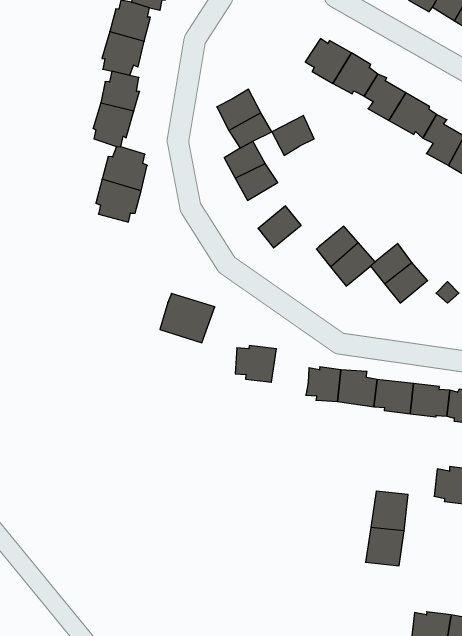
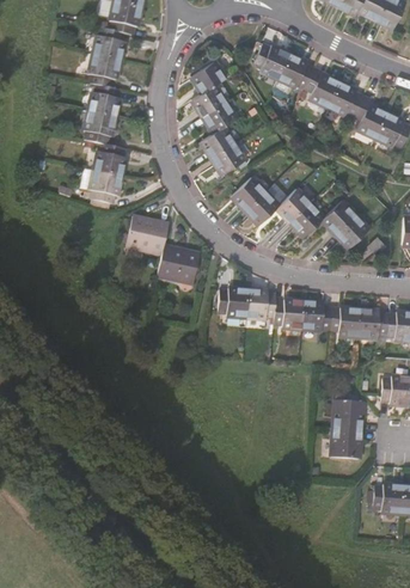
building: [272,115,314,155] -> [192,62,226,94]
building: none -> [243,190,279,225]
building: none -> [126,220,170,257]
building: none -> [247,288,277,316]

